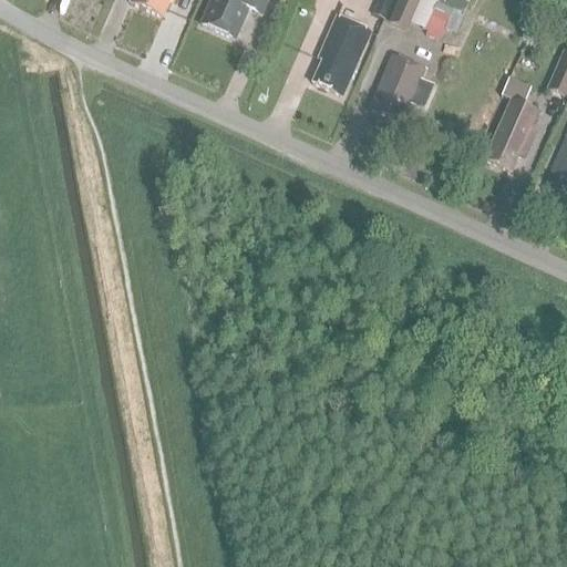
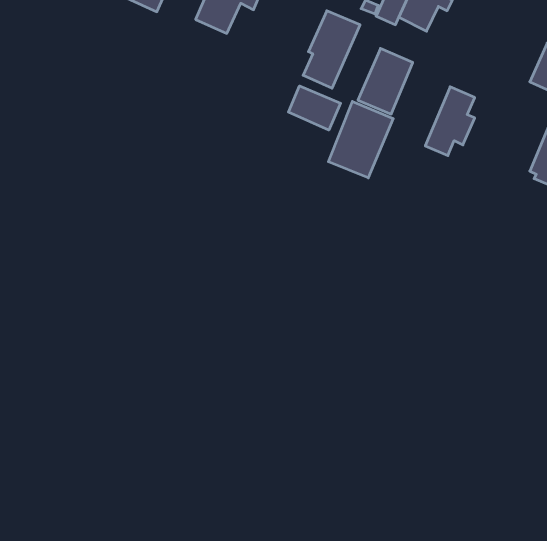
building: none -> [288,86,341,130]
building: [488,95,539,166] -> [425,87,475,156]
building: none -> [328,101,393,178]

